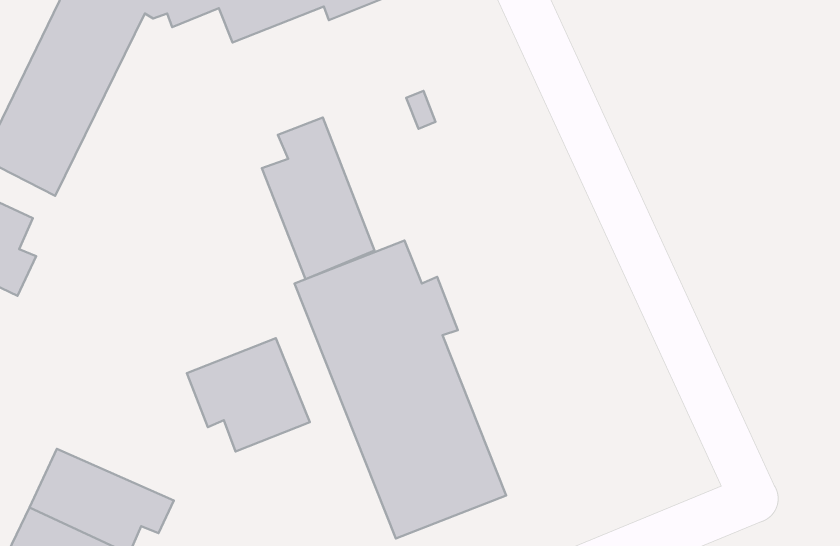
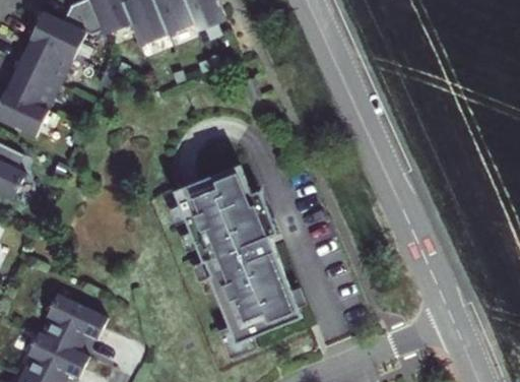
building: [262,118,375,279] -> none
building: [187,338,310,451] -> none

